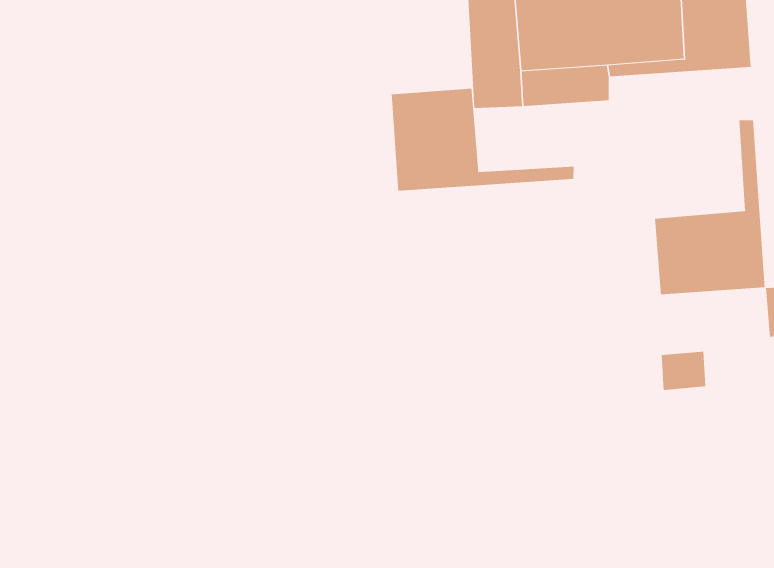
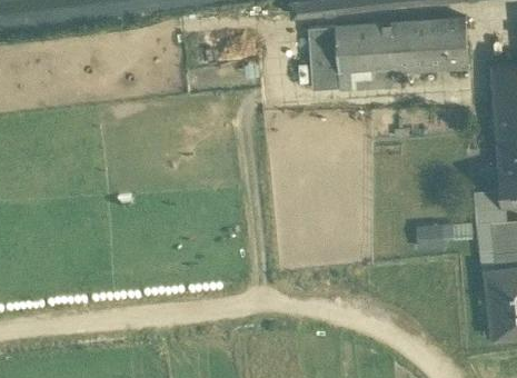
building: [391,88,574,192] -> none
building: [655,120,765,295] -> none

